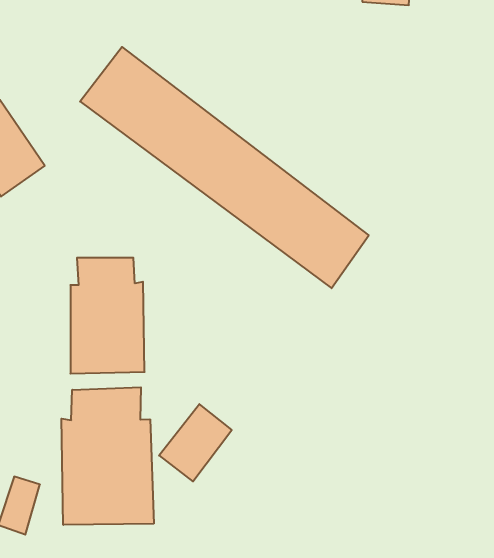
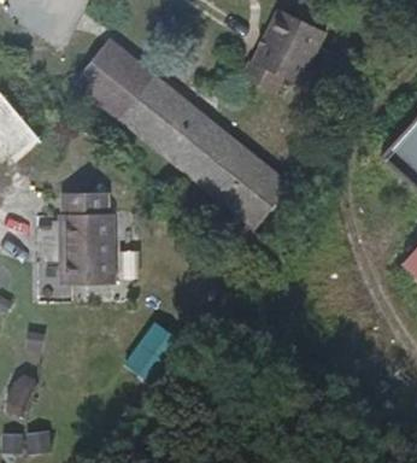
building: none -> [231,25,316,110]
building: [61,387,154,525] -> none

